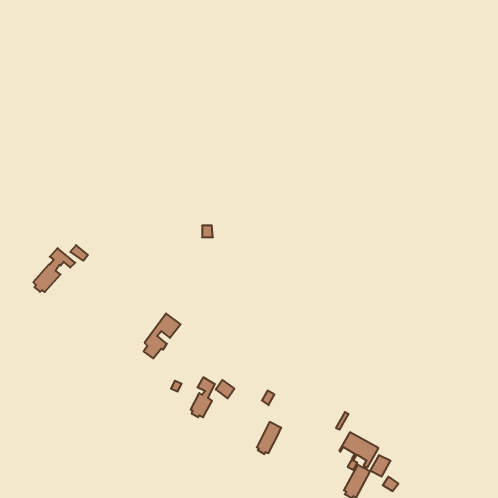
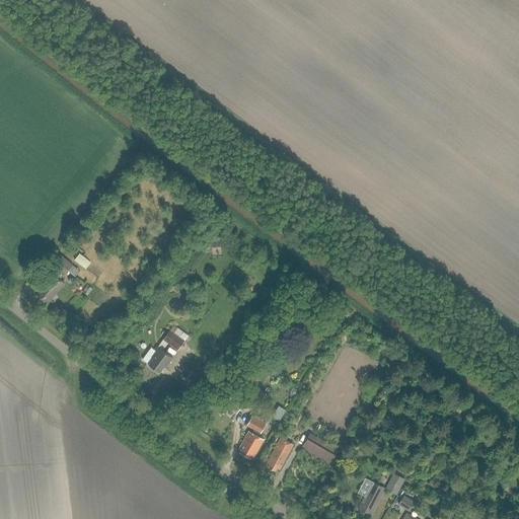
building: [191,377,215,417] -> [240,416,266,457]
building: [339,432,378,467] -> [298,433,339,469]

